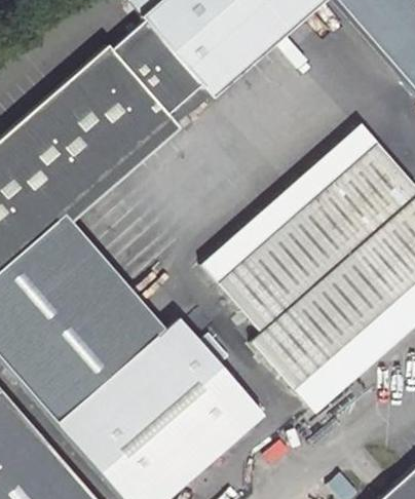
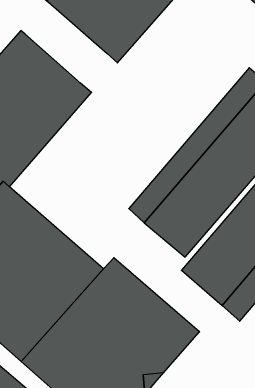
building: [113,21,203,115] -> none

